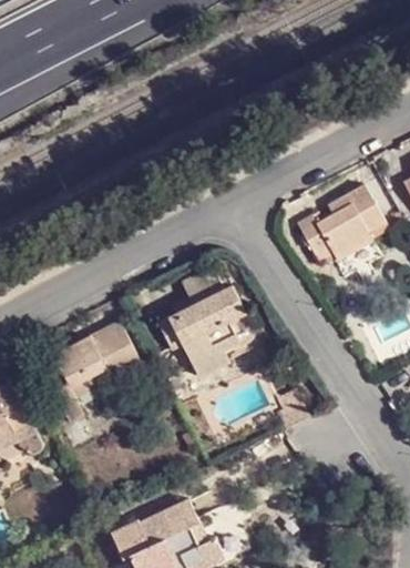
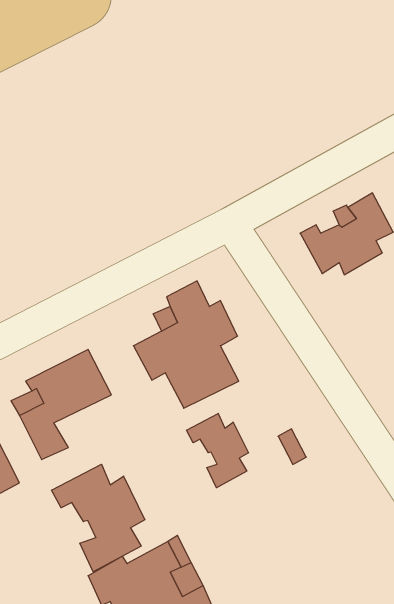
building: none -> [187,413,248,488]
building: none -> [52,464,145,572]

